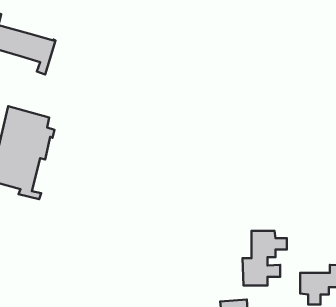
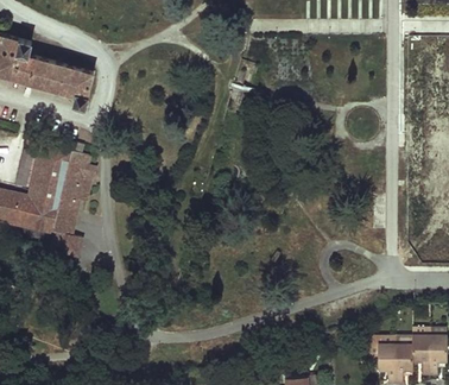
building: [243,231,287,285] -> none

